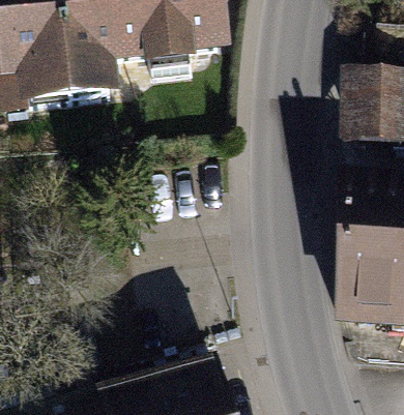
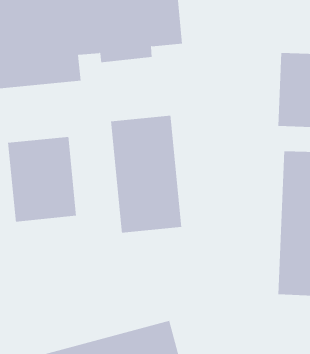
building: none -> [111,115,182,233]
building: none -> [8,136,77,222]

